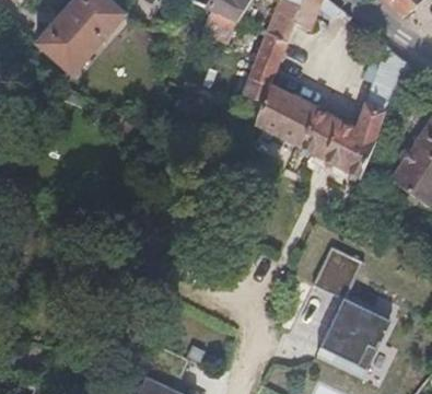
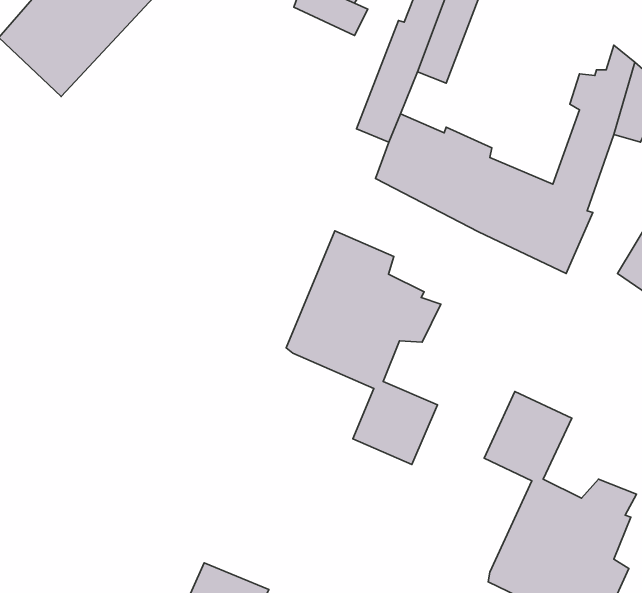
building: none -> [286,231,441,464]

